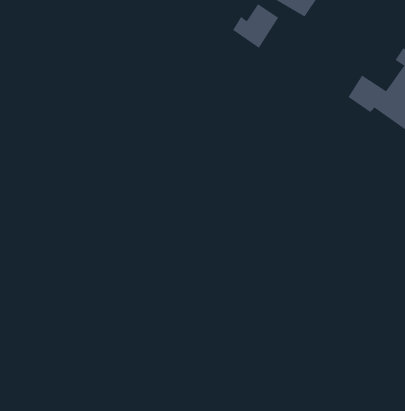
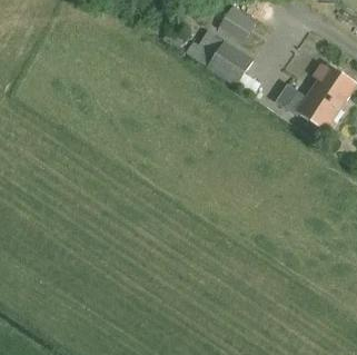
building: none -> [208,41,254,85]

